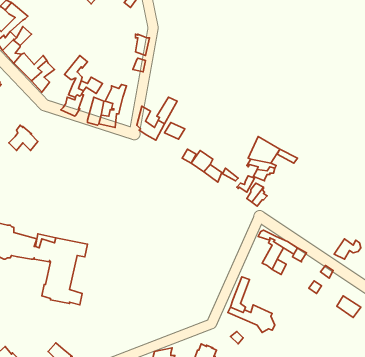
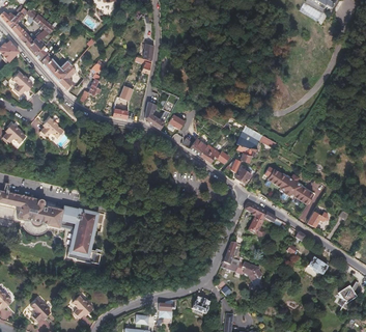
building: none -> [269,168,314,202]

